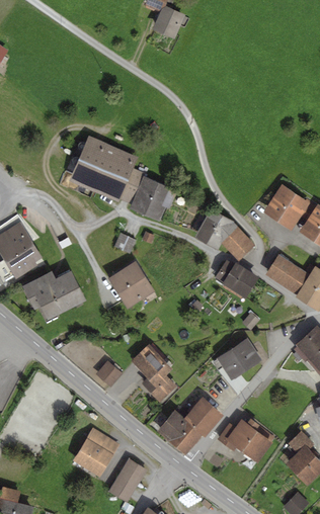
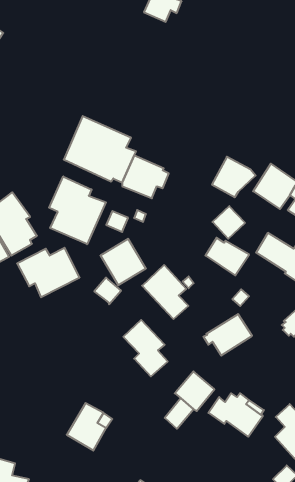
building: none -> [49,176,106,244]
building: [194,208,239,250] -> [212,157,256,197]
building: none -> [142,265,188,319]
building: [95,360,123,388] -> [94,278,121,304]
building: [157,410,189,444] -> none
building: [109,458,147,503] -> none

